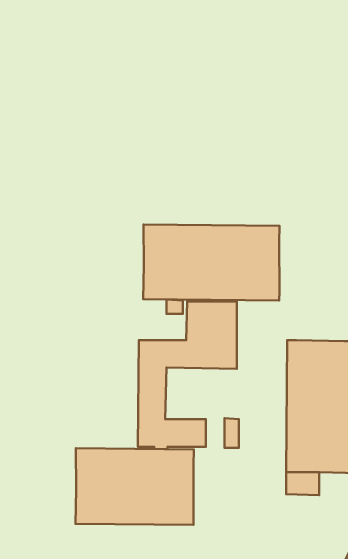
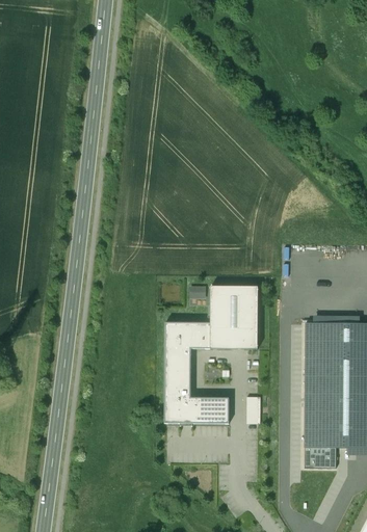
building: [143,225,279,301] -> none
building: [76,448,194,525] -> none

